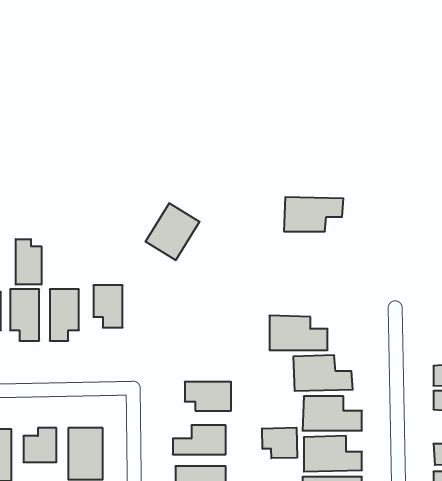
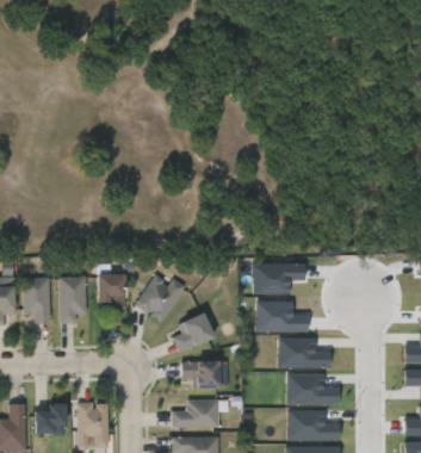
building: [284,197,343,231] -> [254,262,308,293]
building: [145,203,200,260] -> [135,271,184,322]
building: [16,239,41,285] -> none
building: none -> [173,311,216,352]
building: [262,428,297,458] -> none

